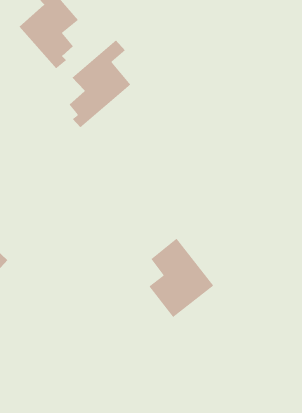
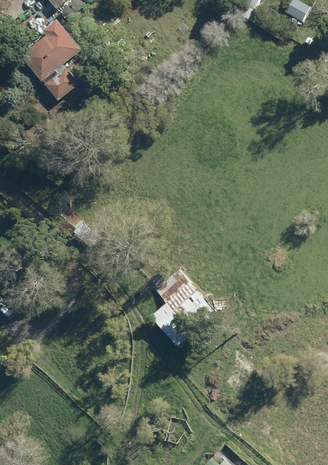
building: [69,39,131,128] -> none

